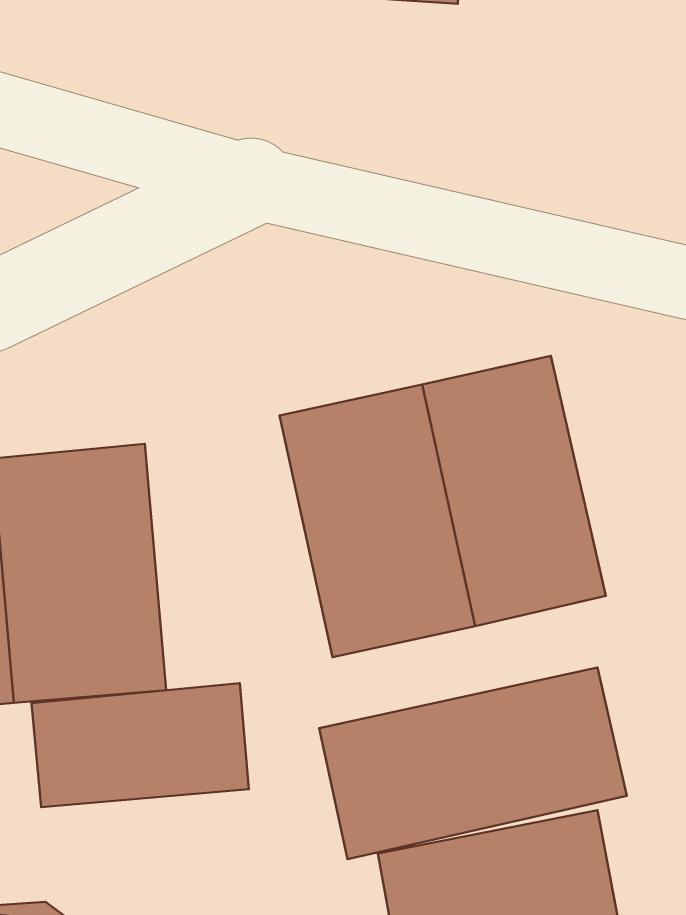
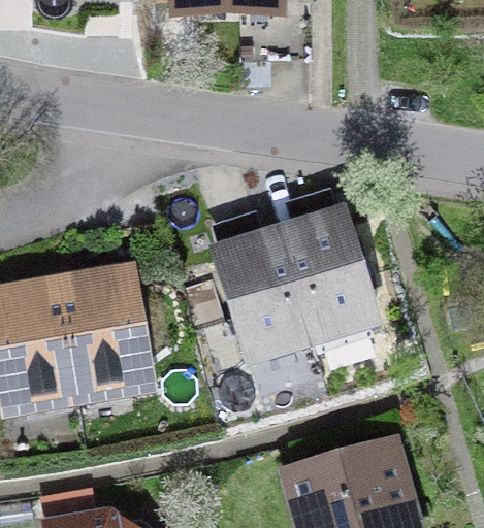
building: [319,667,627,859] -> none
building: [31,683,249,807] -> none

